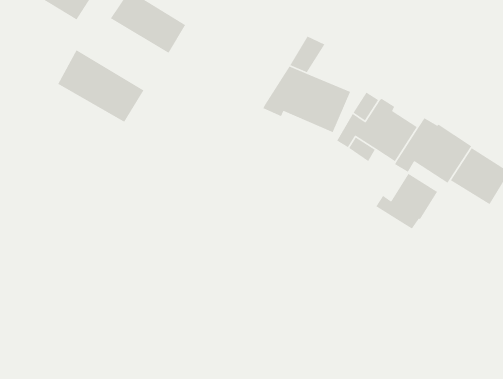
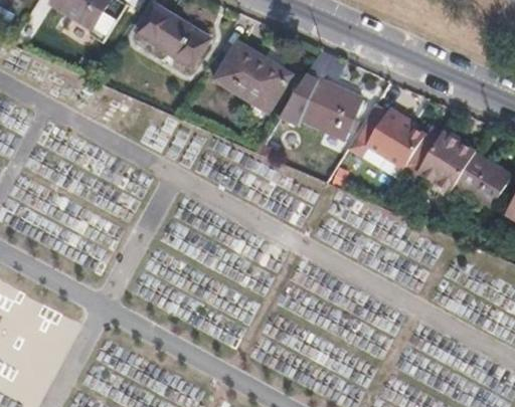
building: none -> [214,40,292,112]
building: [57,49,144,123] -> none
building: [375,173,438,230] -> none

